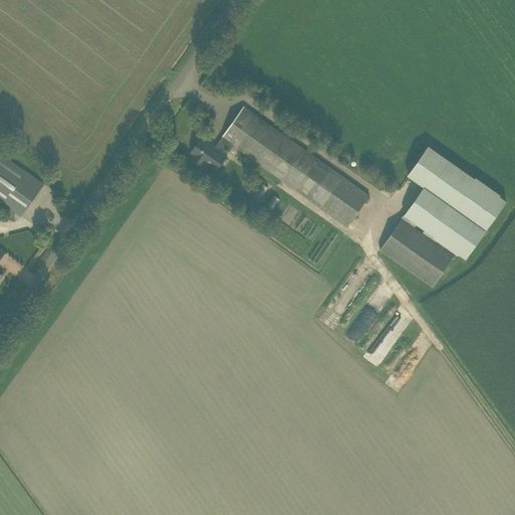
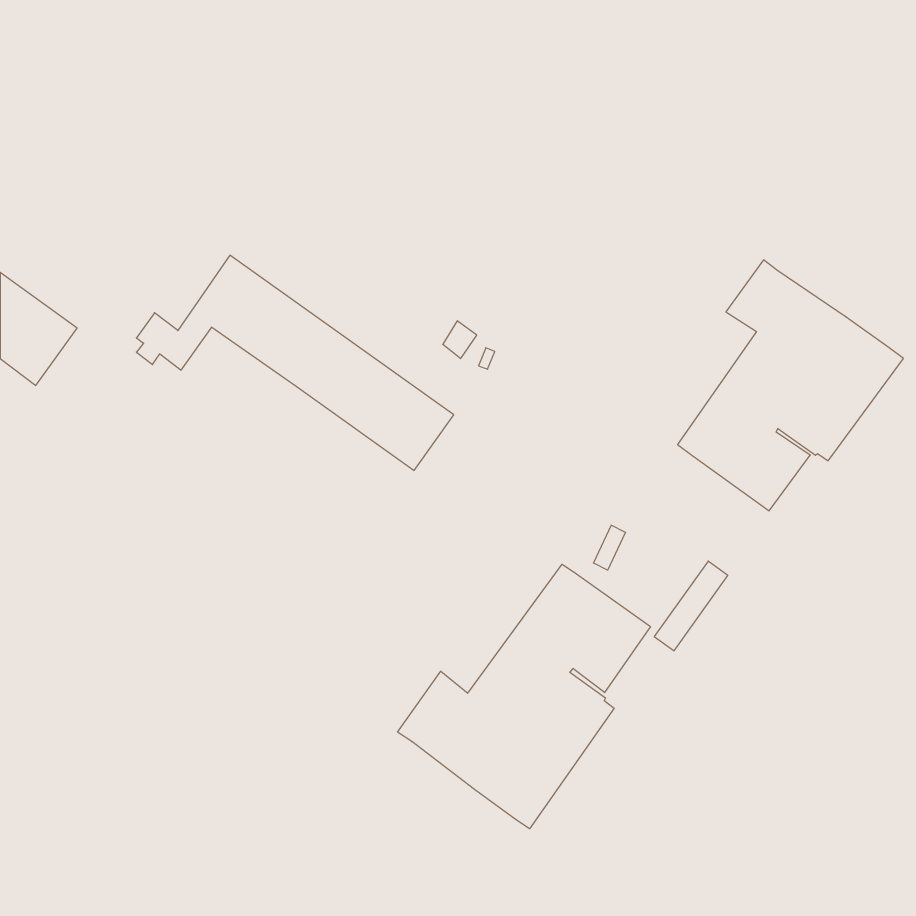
building: [191,106,369,226] -> [136,255,454,470]
building: none -> [398,564,650,829]

